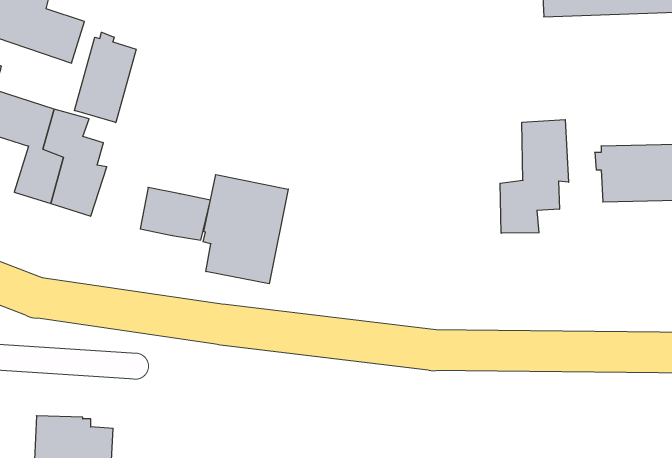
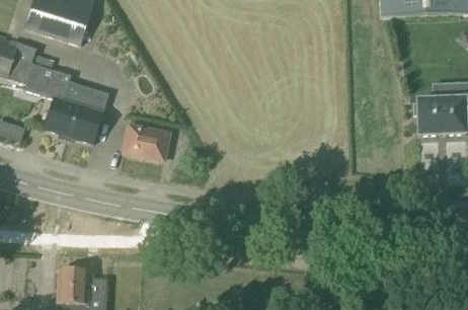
building: [74,32,136,123] -> none
building: [500,120,569,233] -> none
building: [203,175,288,284] -> none

